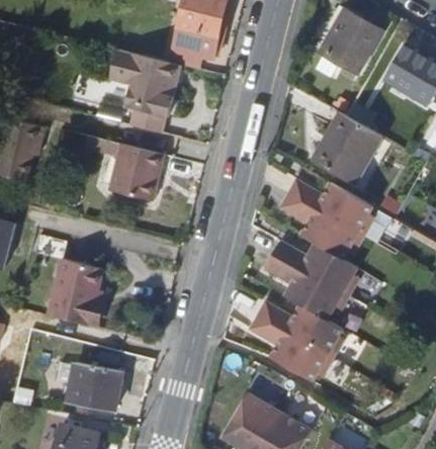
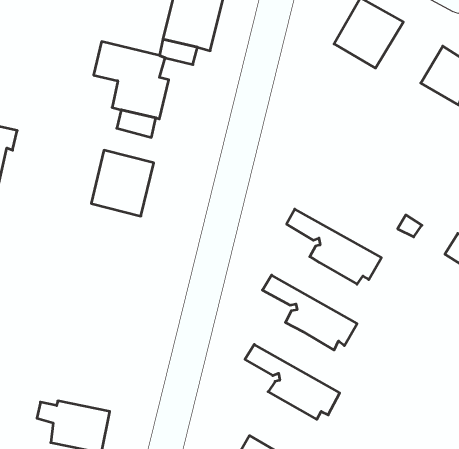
building: [315,118,380,184] -> none
building: [287,182,373,238] -> none
building: [267,239,353,295] -> none
building: [47,259,102,327] -> none
building: [252,300,338,356] -> none

